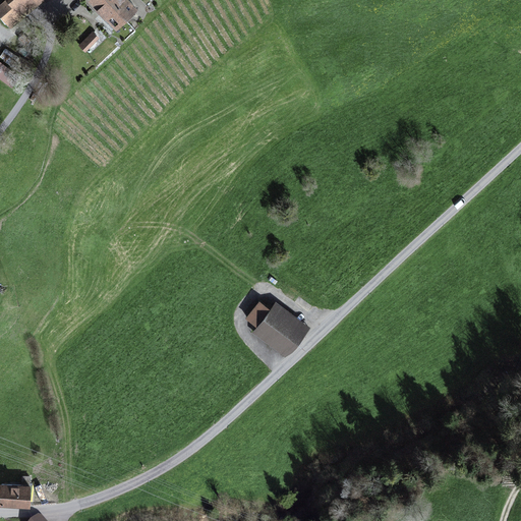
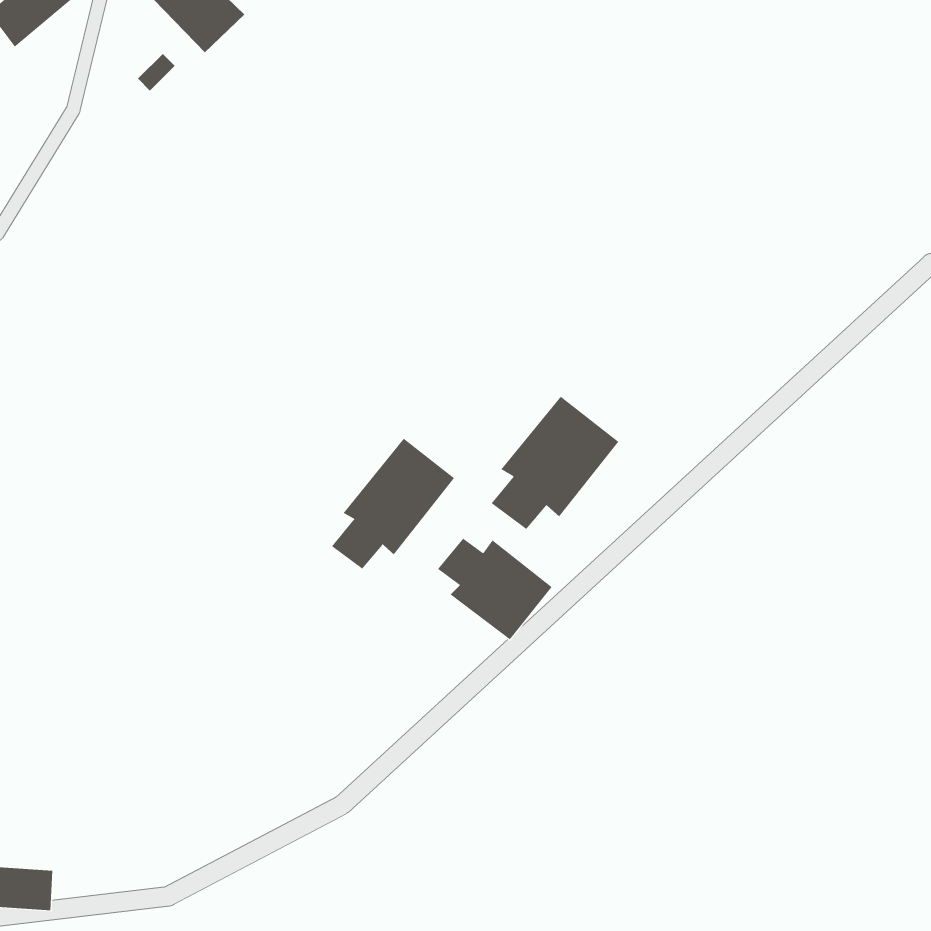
building: none -> [491,396,619,530]
building: none -> [331,438,455,570]

